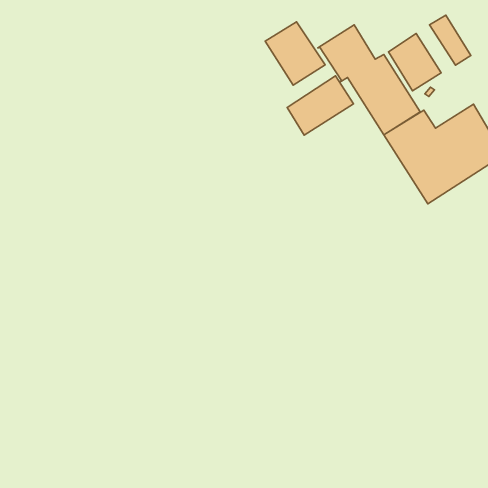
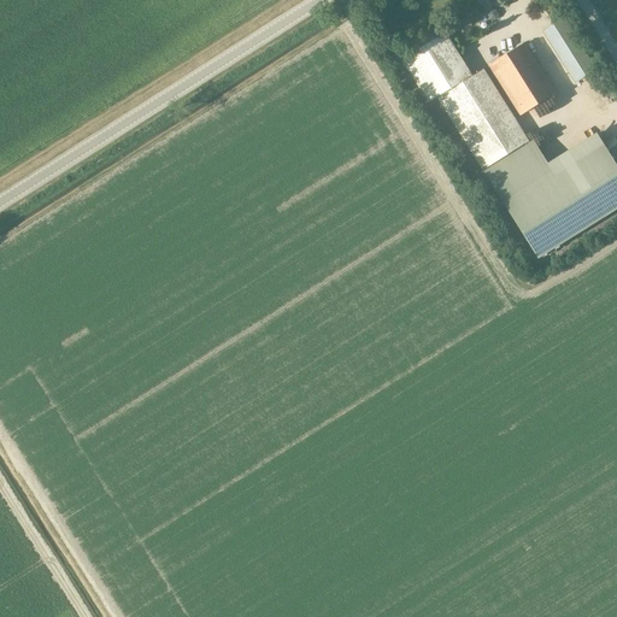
building: [265,22,325,85] -> none
building: [287,76,353,135] -> none

